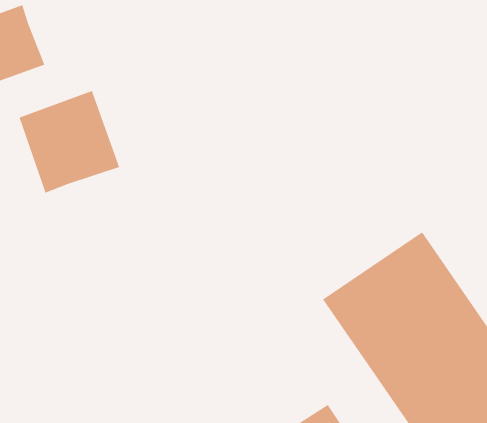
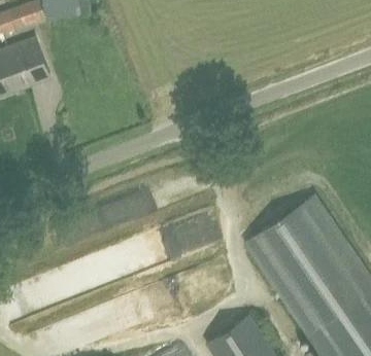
building: [19,90,120,194] -> none

